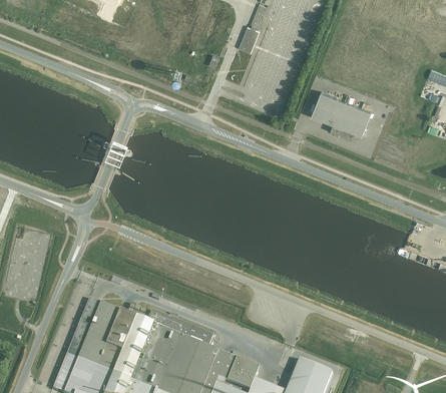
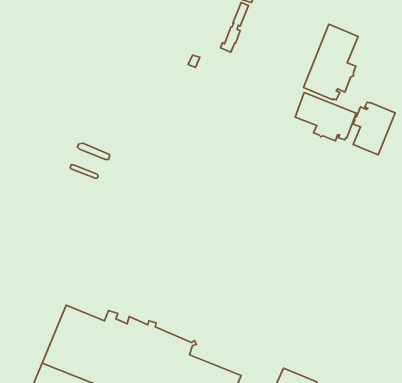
building: none -> [303,24,358,100]
building: none -> [353,102,395,155]

